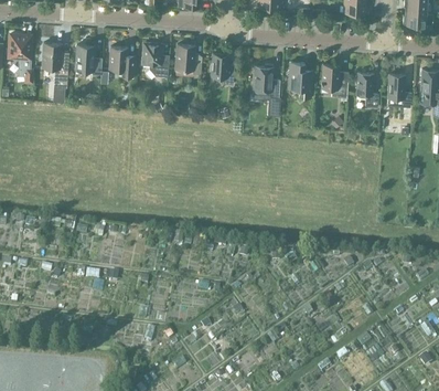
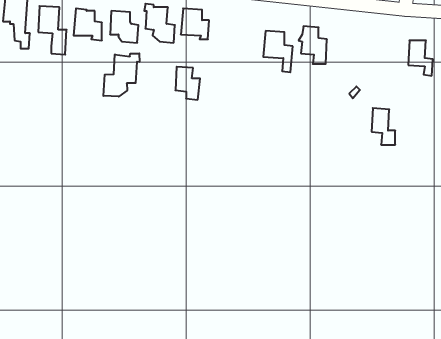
building: [211,54,234,85] -> [175,67,200,100]
building: [320,65,347,98] -> none
building: [355,73,377,107] -> [372,108,395,145]
building: none -> [103,53,139,97]

